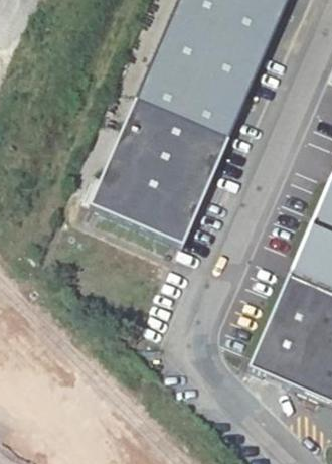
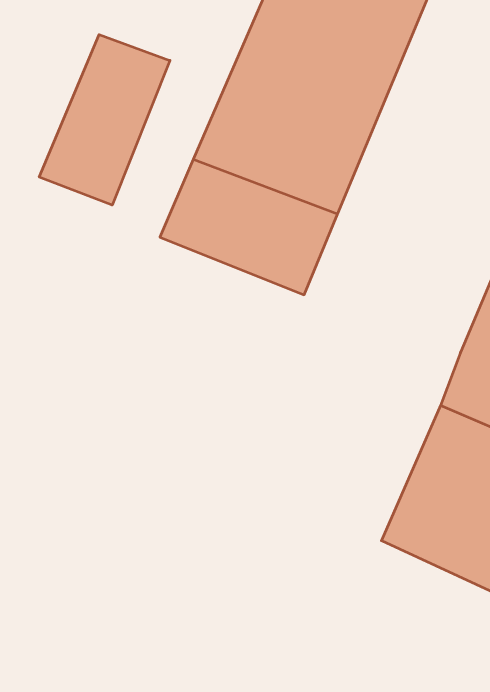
building: none -> [39,35,170,205]
building: [87,161,203,251] -> none

